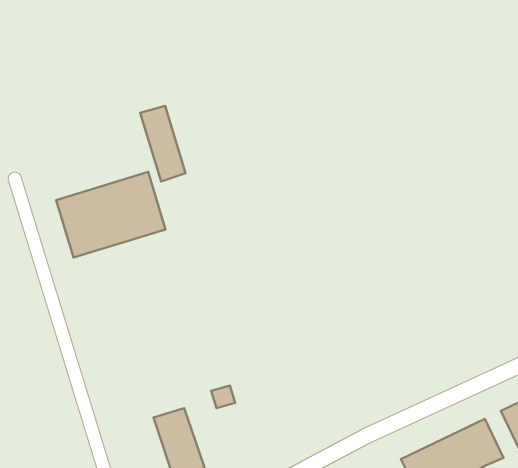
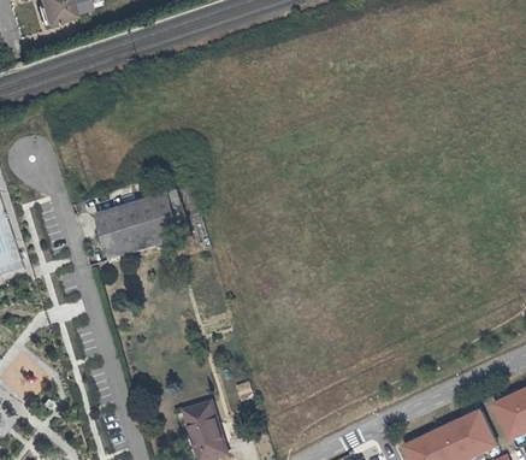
building: [140,106,186,182] -> none

